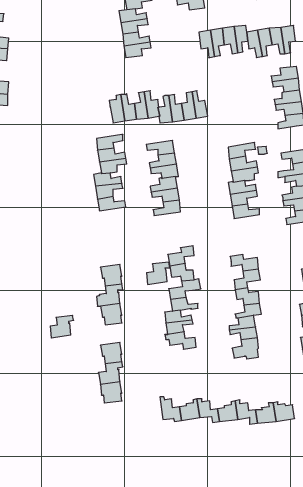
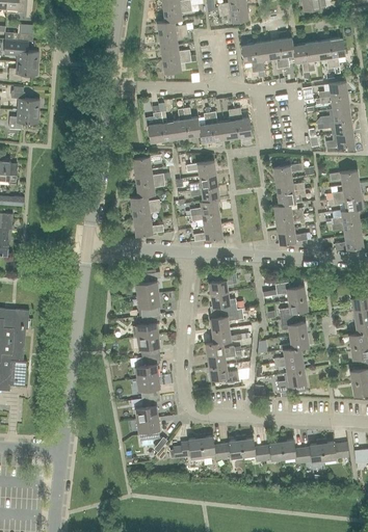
building: [147,262,170,284] -> [136,271,161,295]
building: [50,315,74,338] -> [136,354,161,378]
building: none -> [170,433,204,459]

